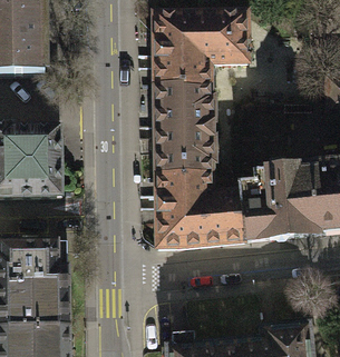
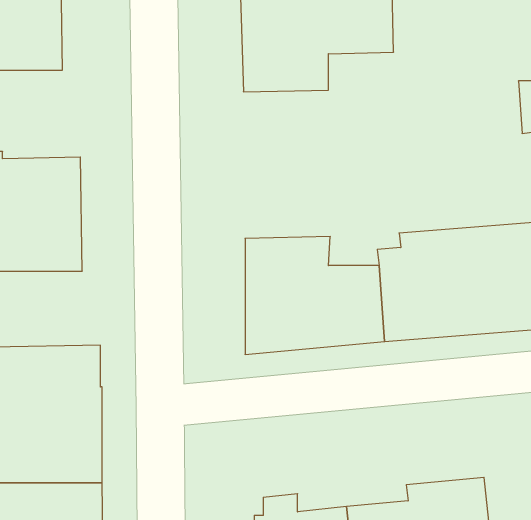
building: [156,83,213,175] -> none

